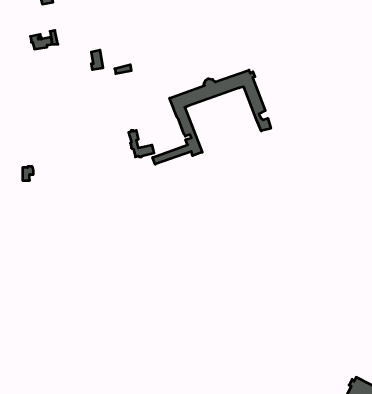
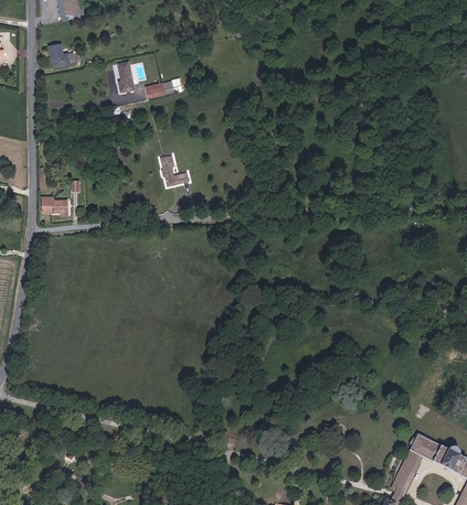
building: [153,70,271,164] -> none

